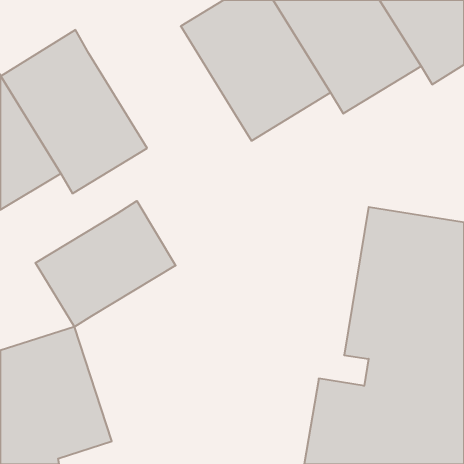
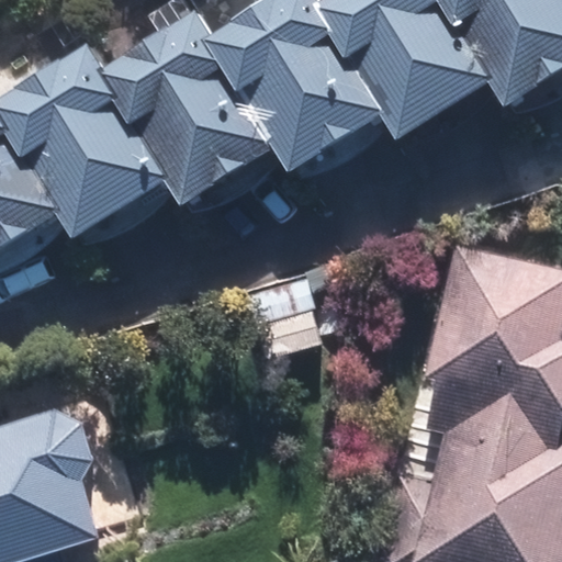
building: none -> [108,7,284,196]
building: [35,201,176,327] -> none

